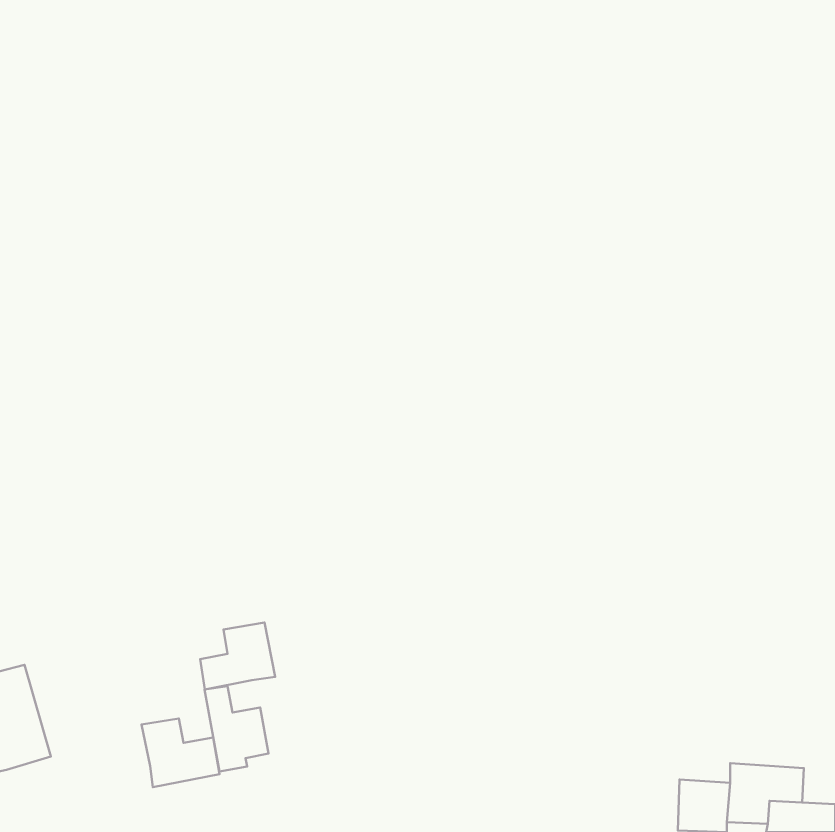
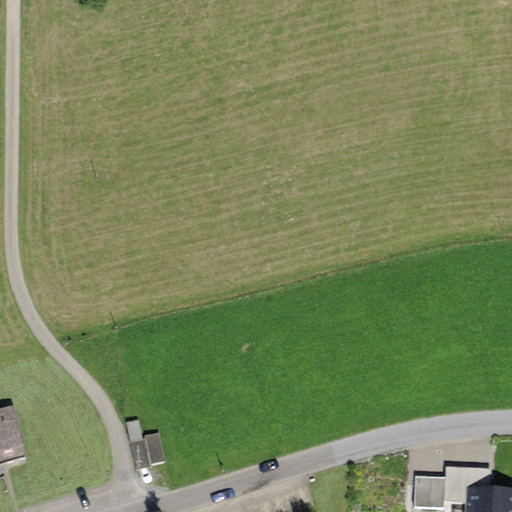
building: [200,622,275,689] -> none
building: [142,718,220,787] -> none

